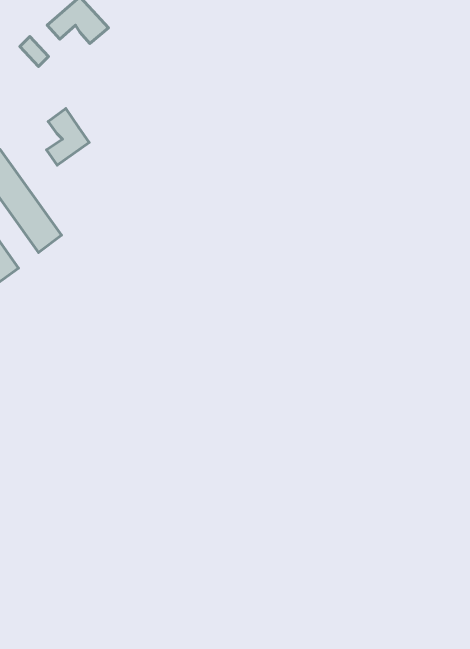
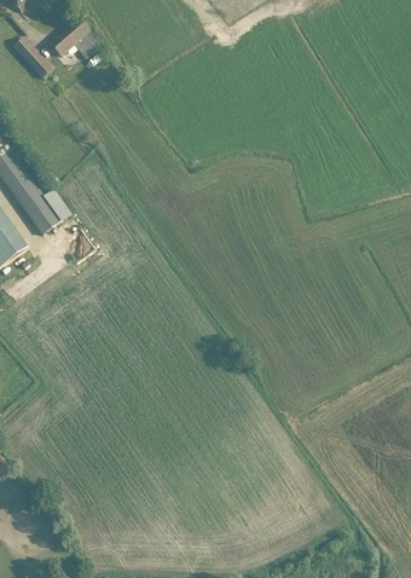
building: [47,108,89,165] -> none

